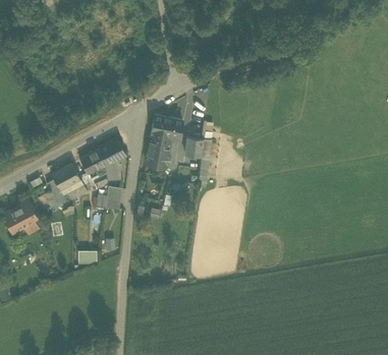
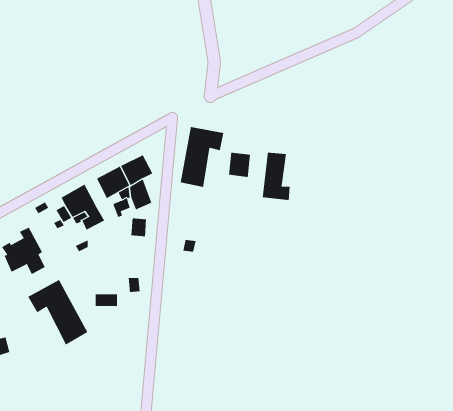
building: none -> [262,152,290,201]
building: none -> [27,279,88,345]

